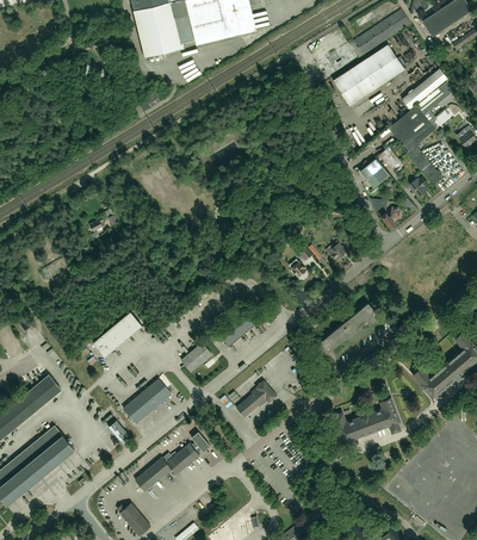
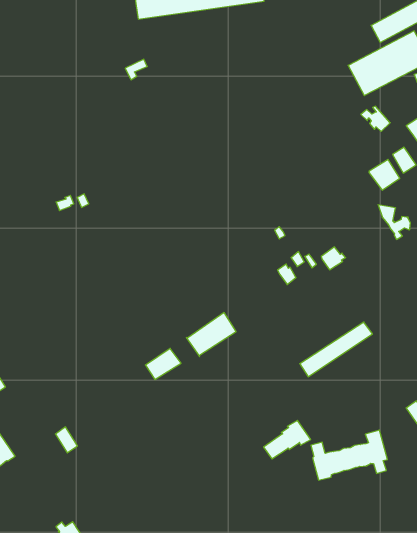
building: [93,312,142,358] -> none
building: [123,379,172,424] -> none
building: [236,381,277,417] -> [264,420,311,459]
building: [135,433,210,492] -> none

